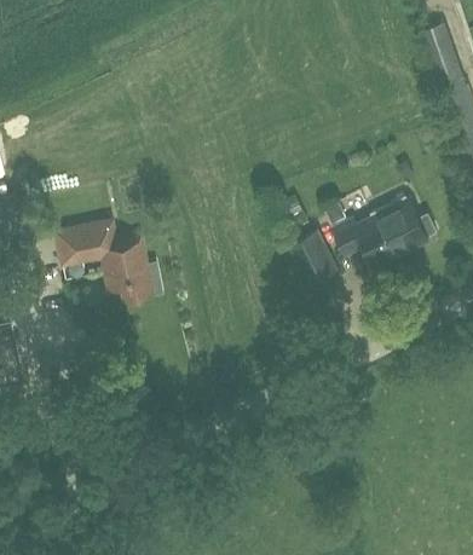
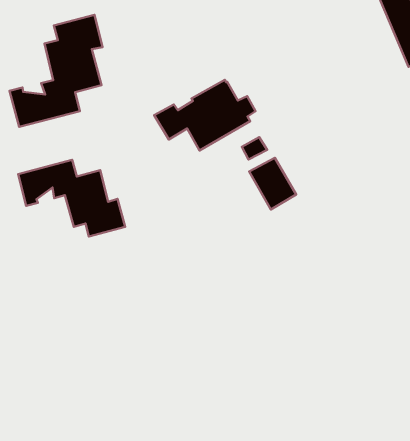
building: none -> [9,15,103,127]
building: [334,197,437,267] -> [154,80,255,151]

